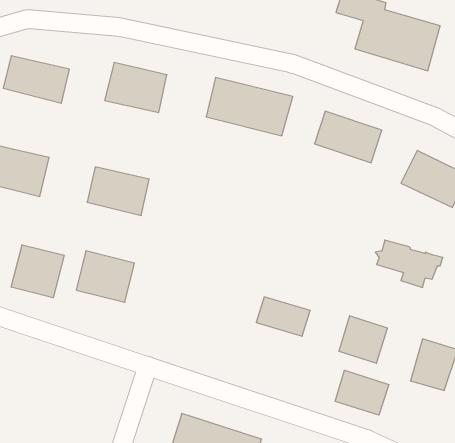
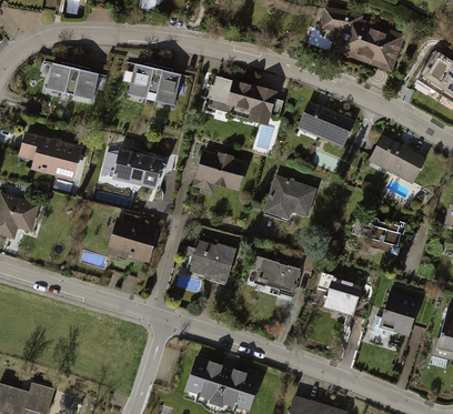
building: none -> [197,150,250,191]
building: none -> [263,176,316,221]
building: [11,245,64,298] -> none
building: none -> [185,240,234,281]
building: [335,370,389,415] -> none

